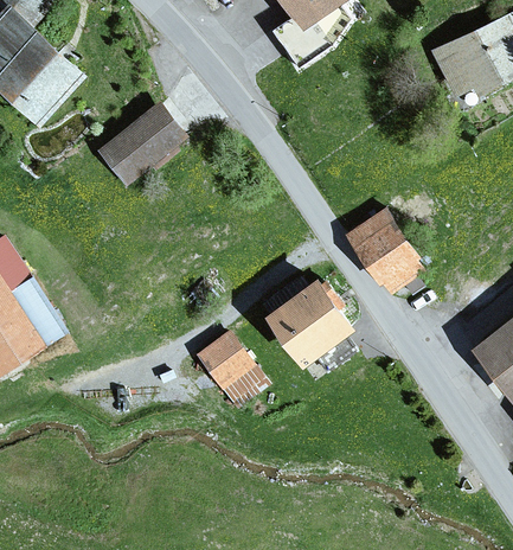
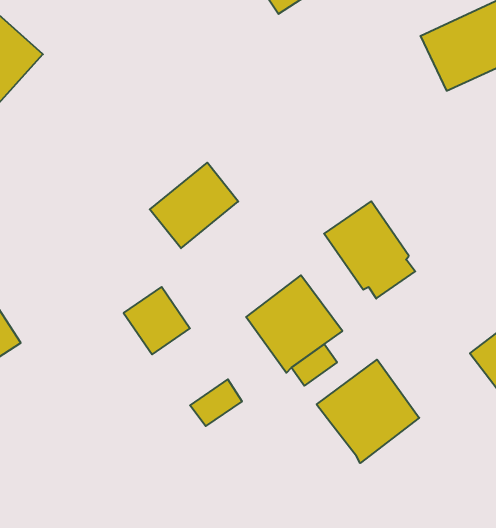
building: [105,107,186,185] -> [150,163,238,248]
building: [193,328,254,390] -> [124,287,190,354]
building: none -> [317,360,419,463]

